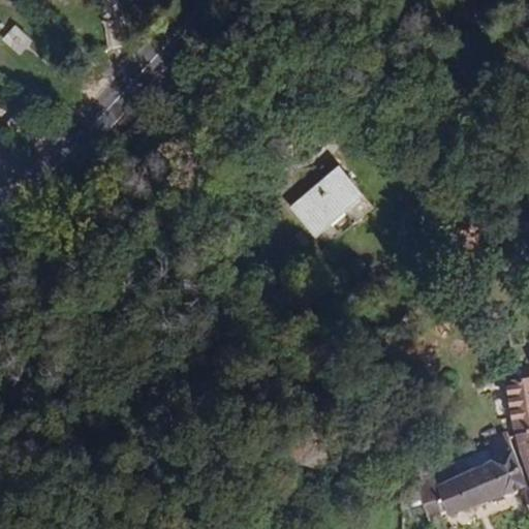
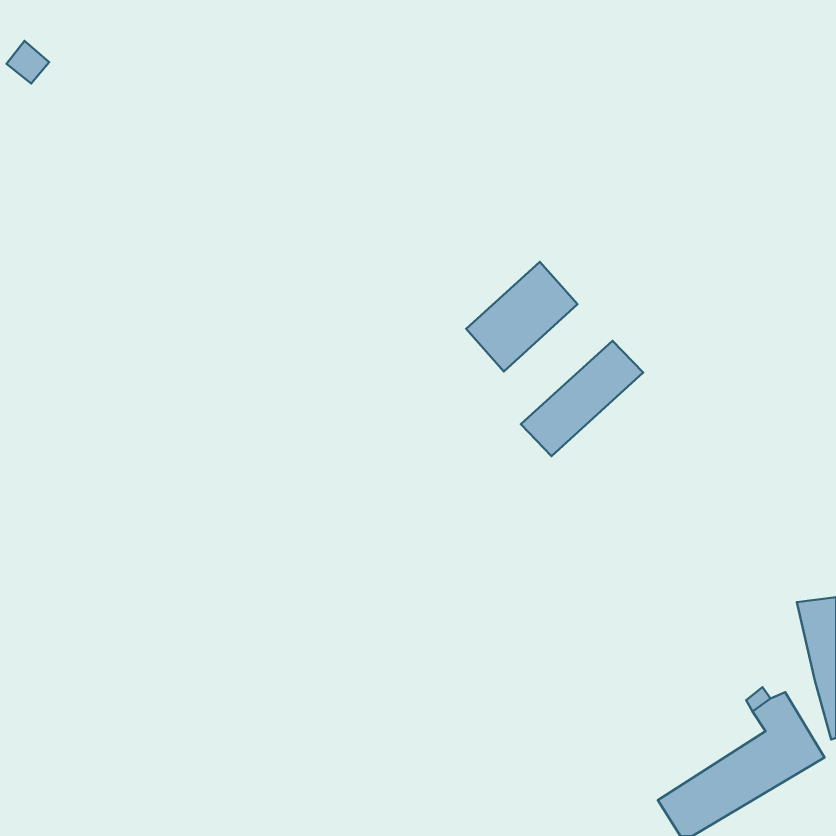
building: none -> [521,341,643,456]

